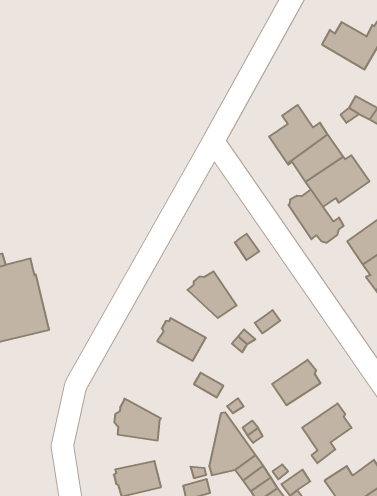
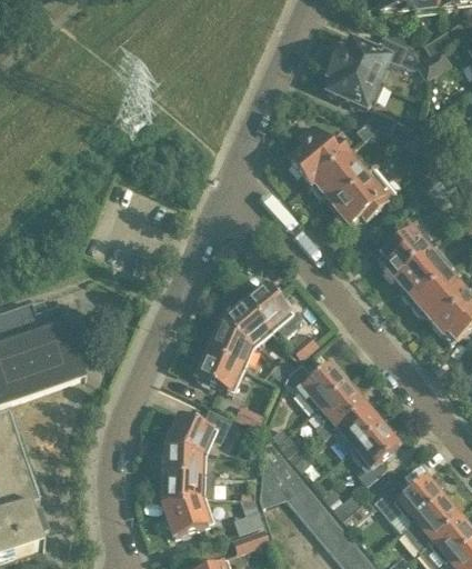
building: none -> [327,61,379,108]
building: [288,189,344,243] -> [245,282,303,335]
building: none -> [207,321,254,368]
building: none -> [284,362,349,408]
building: none -> [167,410,230,453]
building: none -> [332,402,383,449]
building: none -> [160,473,214,509]

